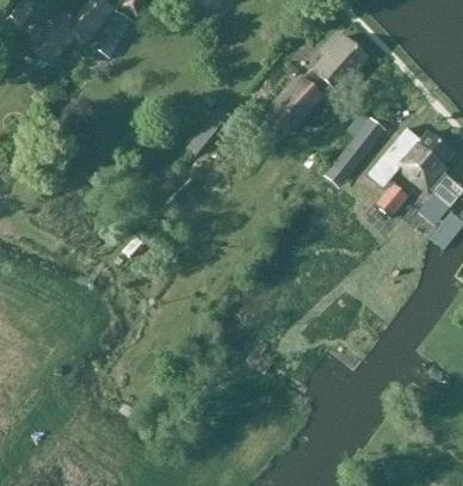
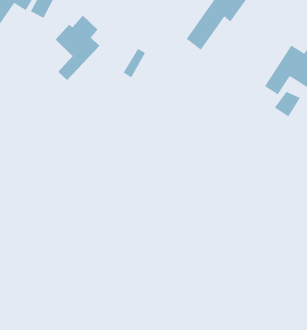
building: none -> [55,15,100,81]
building: [334,115,388,176] -> none

